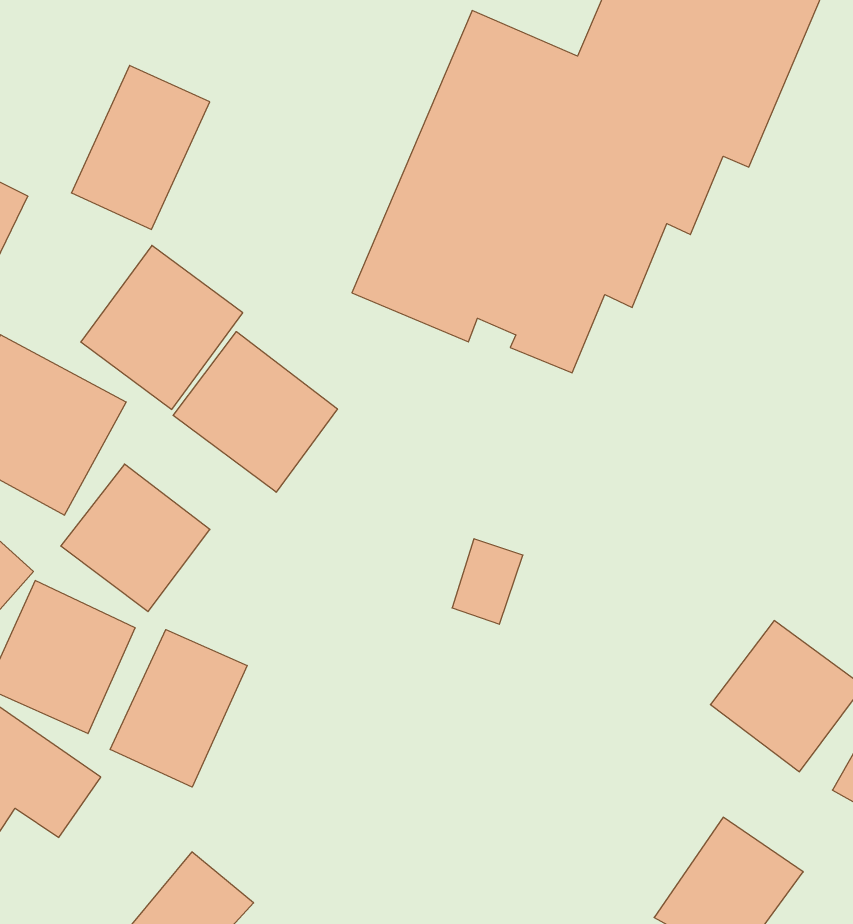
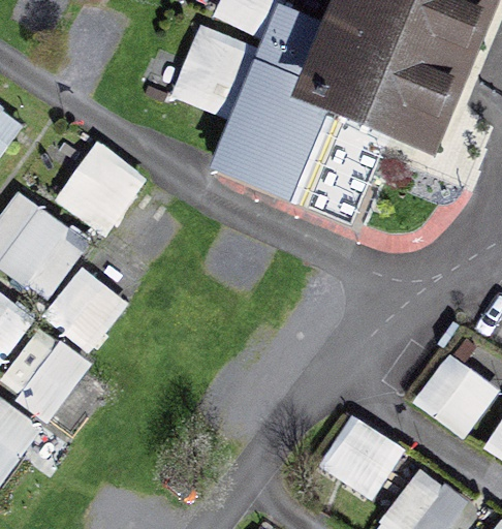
building: [71,65,210,229] -> [169,24,248,117]
building: [173,332,337,492] -> none
building: [110,630,247,787] -> none
building: none -> [321,414,406,496]

